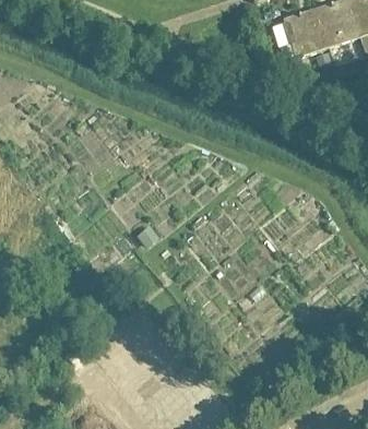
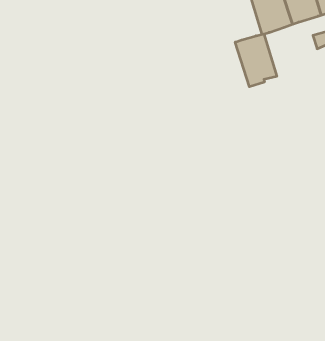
building: none -> [235,34,277,87]

